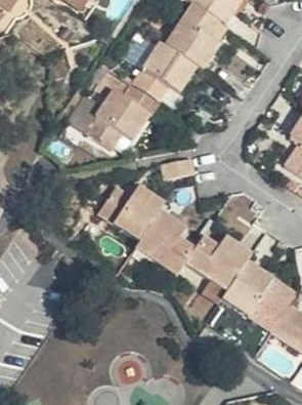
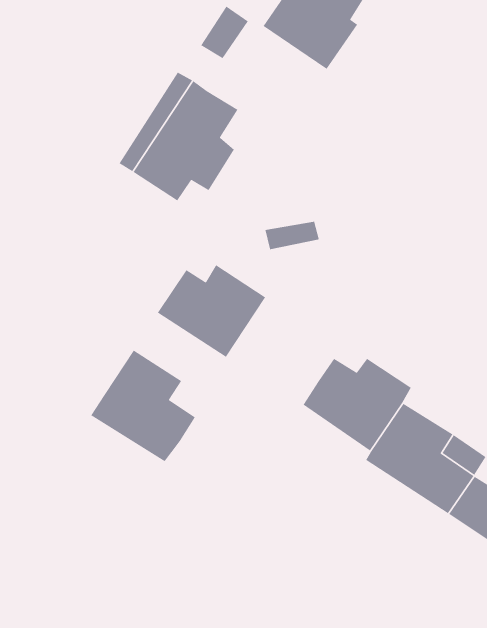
building: [130,39,195,99] -> none
building: [133,212,196,279] -> [90,349,196,462]

